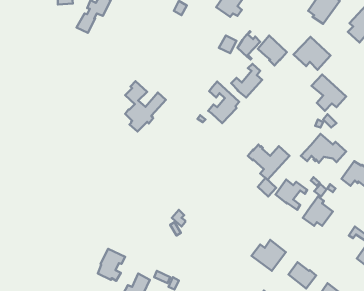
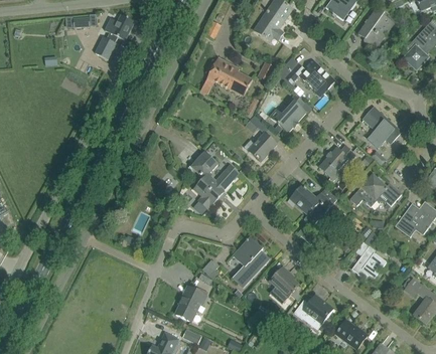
building: none -> [199,56,252,96]
building: [294,37,330,70] -> none
building: [125,81,166,132] -> [192,151,239,208]
building: none -> [318,145,354,179]
building: [276,180,307,210] -> none
building: none -> [233,236,268,288]
building: none -> [269,267,298,297]
building: [98,249,125,281] -> [175,286,206,322]

